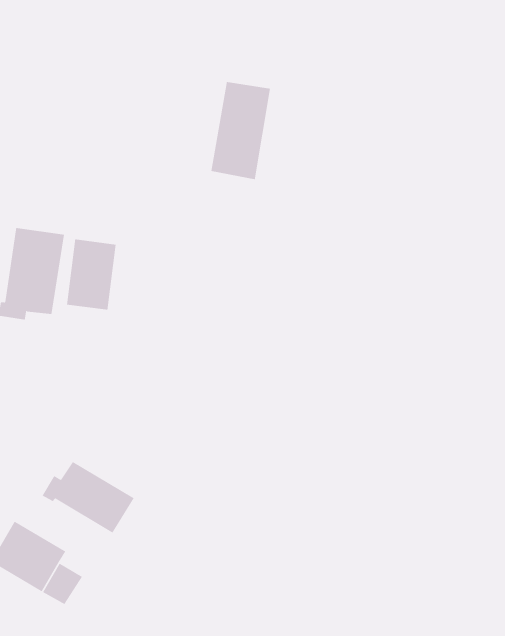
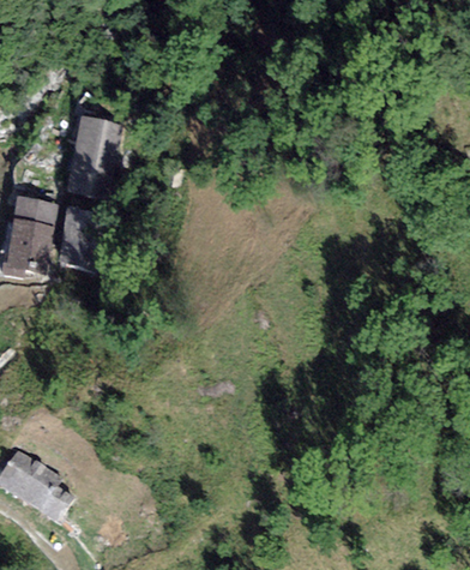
building: [211,82,271,180] -> [67,114,119,198]
building: [42,461,135,534] -> none

